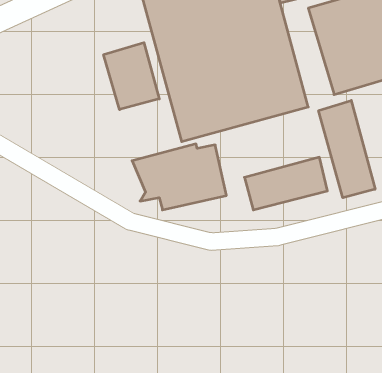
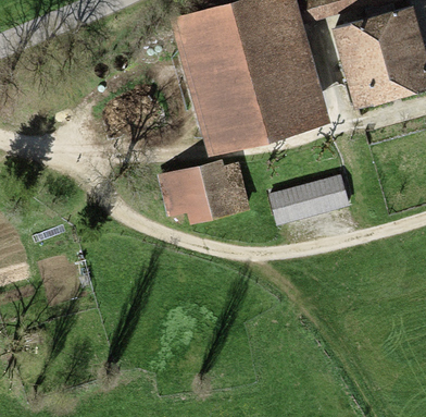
building: [104,43,159,110] -> none
building: [319,100,375,198] -> none

